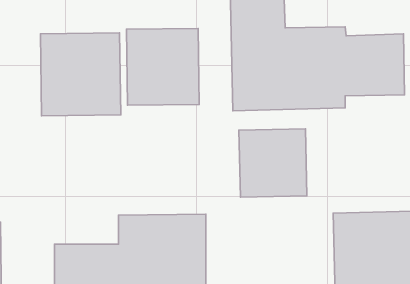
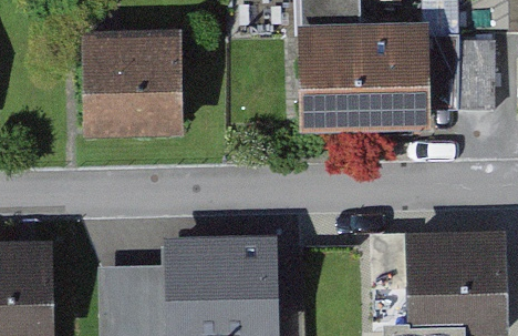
building: [126,28,199,105] -> none
building: [239,129,307,197] -> none

